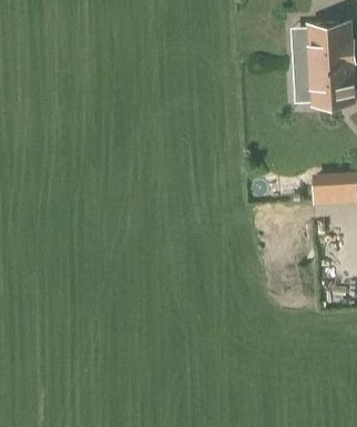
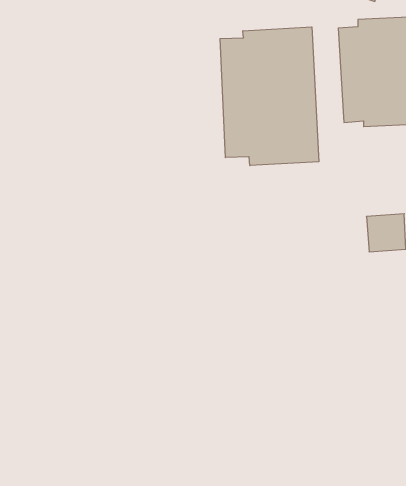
building: none -> [220,27,319,166]

